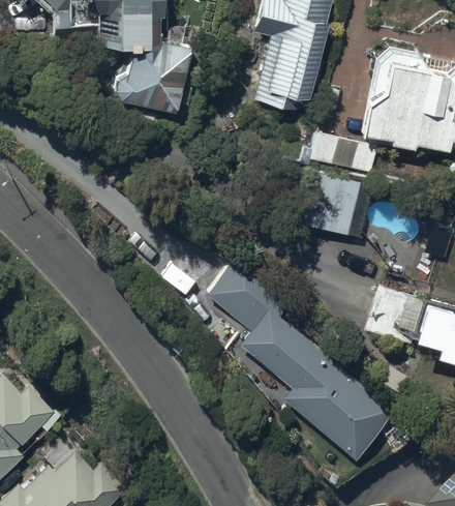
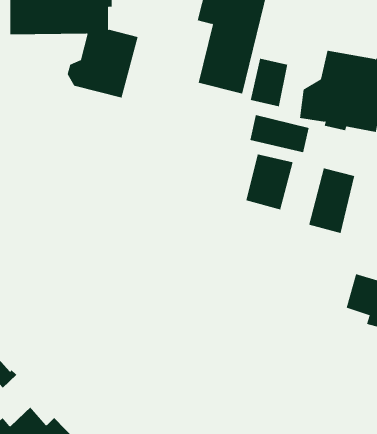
building: none -> [250,58,288,107]
building: none -> [308,168,355,234]
building: [207,260,396,462] -> none

